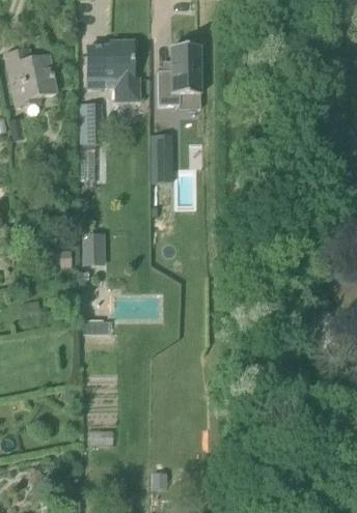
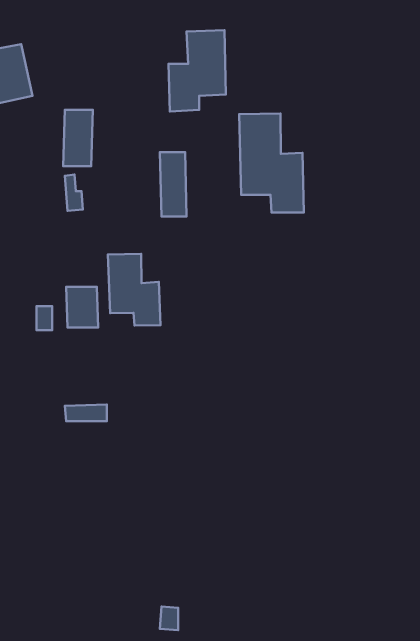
building: [87,40,138,103] -> none
building: none -> [239,114,304,212]
building: none -> [108,254,160,326]

